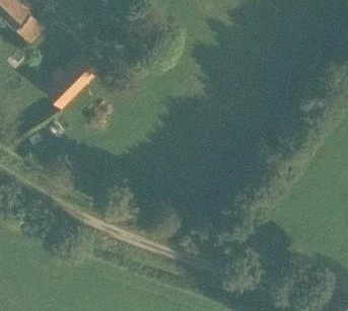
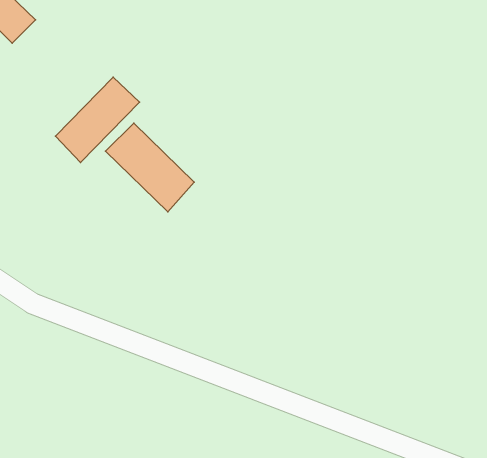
building: none -> [106,123,194,212]

